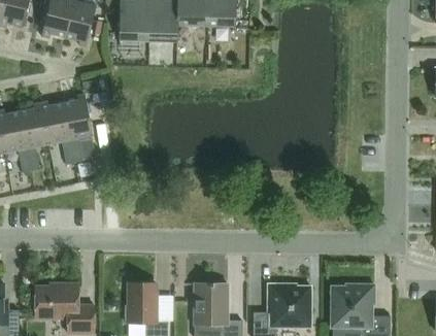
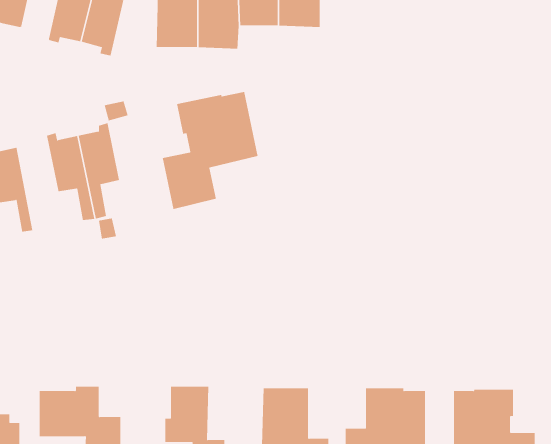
building: none -> [162,91,258,210]
building: [20,103,48,171] -> none

